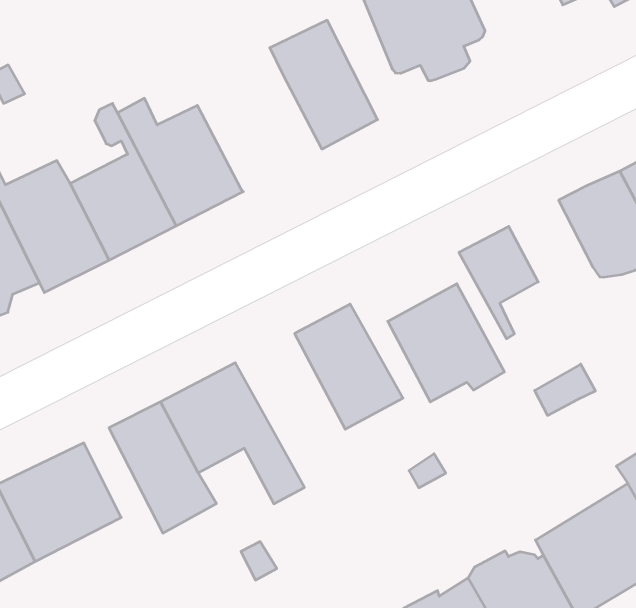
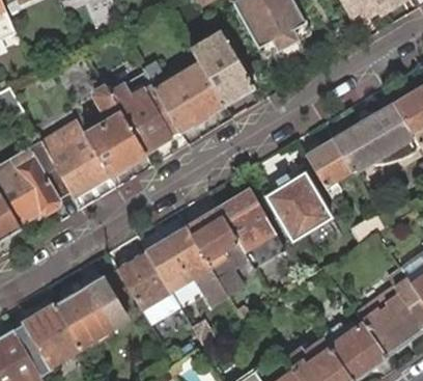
building: none -> [143,60,224,129]
building: none -> [332,123,385,174]
building: none -> [184,208,248,297]

